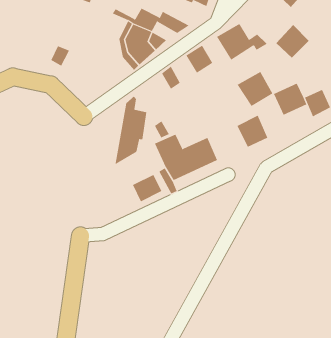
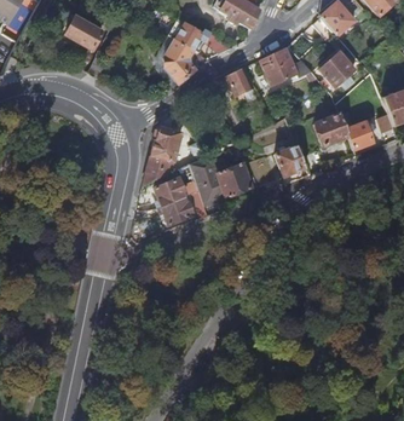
building: none -> [64,23,99,53]
building: [237,71,273,107] -> none
building: none -> [155,177,185,206]

